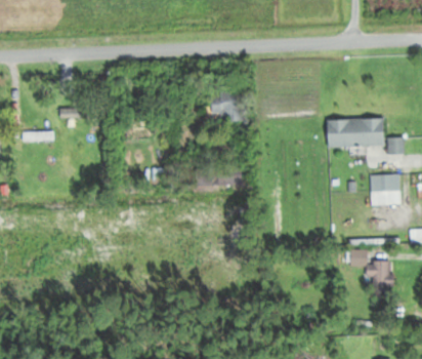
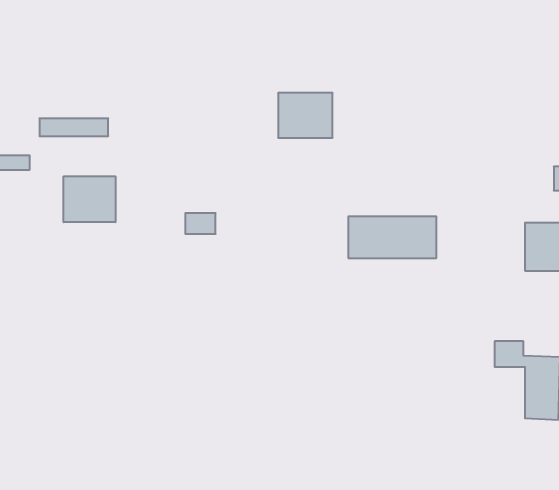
building: [328,120,384,147] -> [348,216,436,258]
building: none -> [64,176,115,222]

